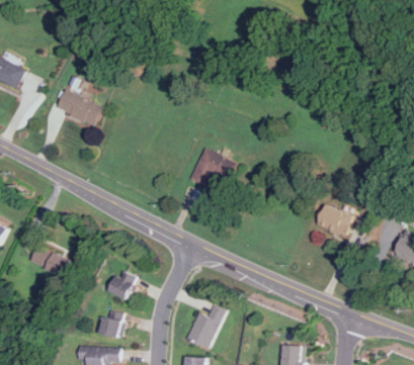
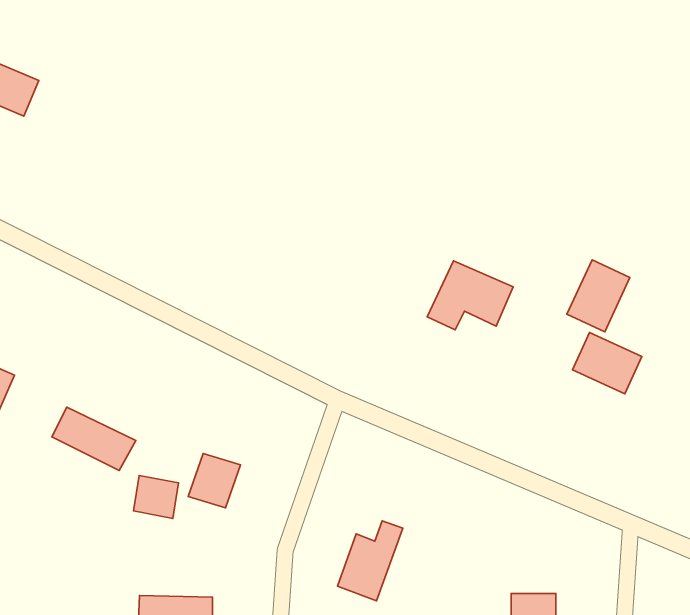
building: [57,90,103,126] -> none
building: [189,149,236,186] -> [427,261,513,330]
building: none -> [567,260,630,332]
building: [98,315,122,339] -> [134,476,178,518]

